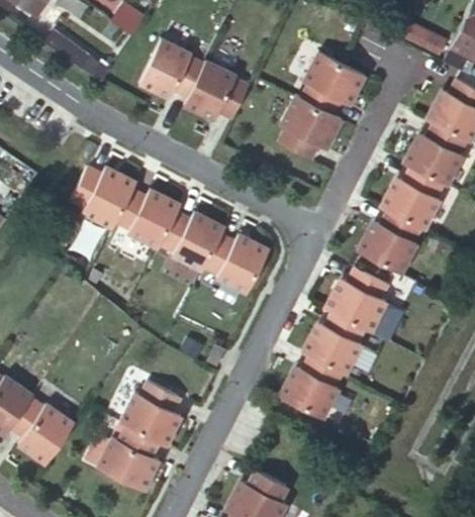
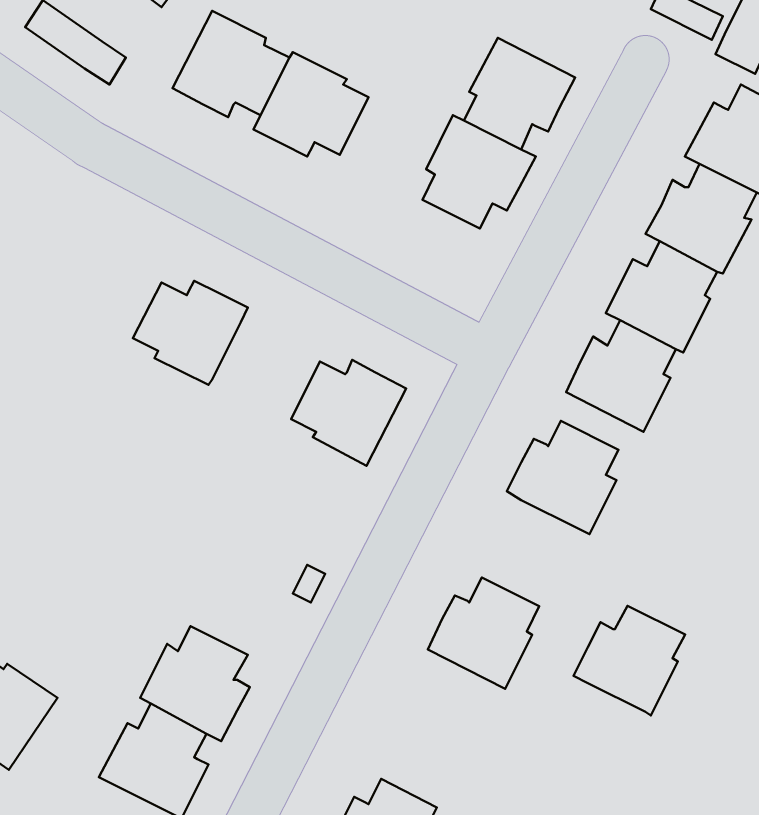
building: [71,166,135,227] -> none
building: [160,211,224,270] -> none
building: [303,312,366,374] -> [574,606,685,716]

